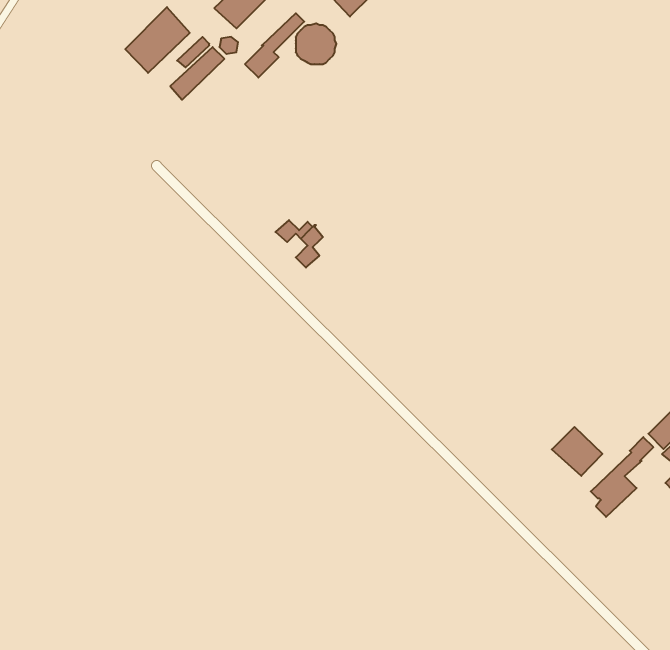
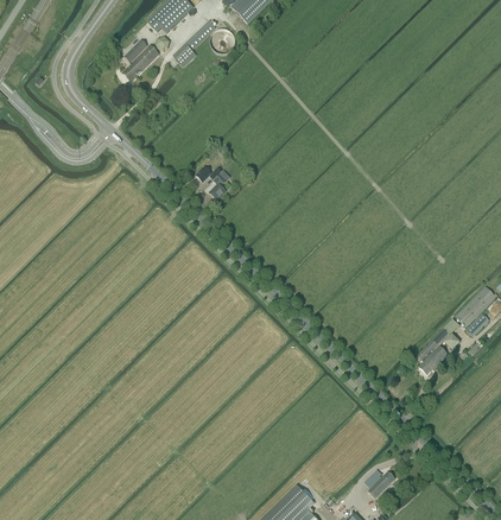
building: [125,7,190,73] -> none
building: [552,427,602,476] -> none

